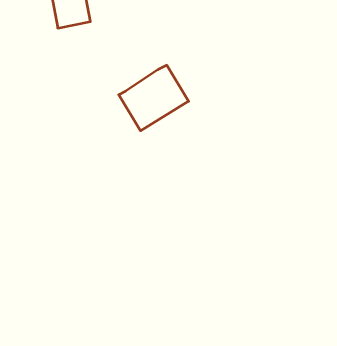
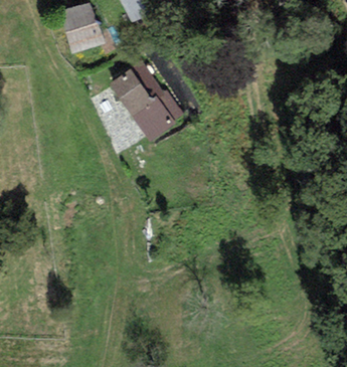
building: none -> [111,61,160,110]

